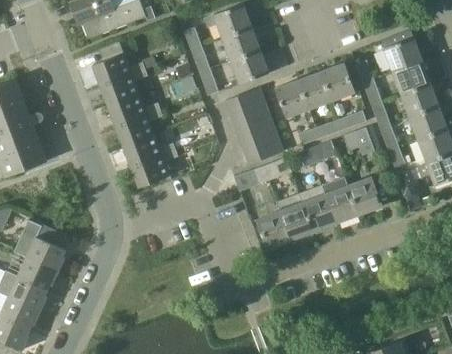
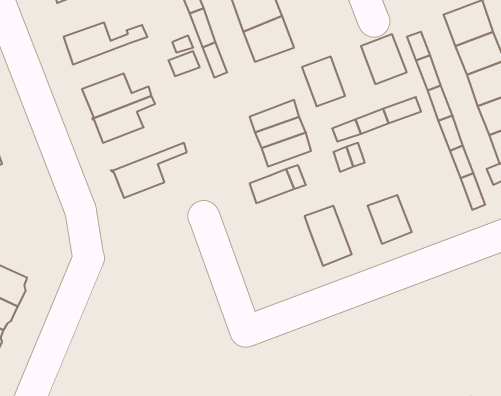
building: [99,68,147,104] -> none
building: [297,71,331,109] -> none
building: [226,87,269,125] -> none
building: [344,126,375,155] -> none
building: [123,133,185,166] -> none
building: [348,176,382,213] -> none
building: [299,184,336,230] -> none
building: [256,210,291,248] -> none

